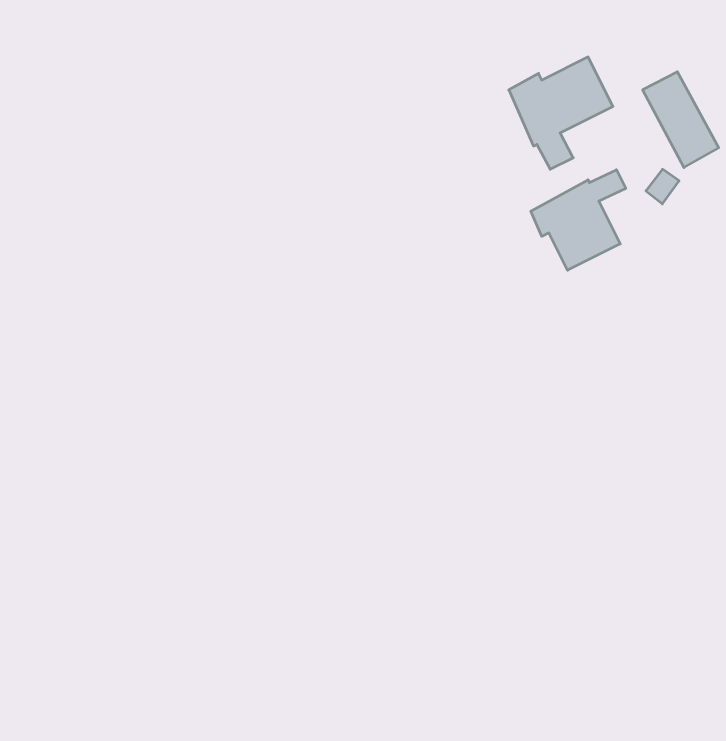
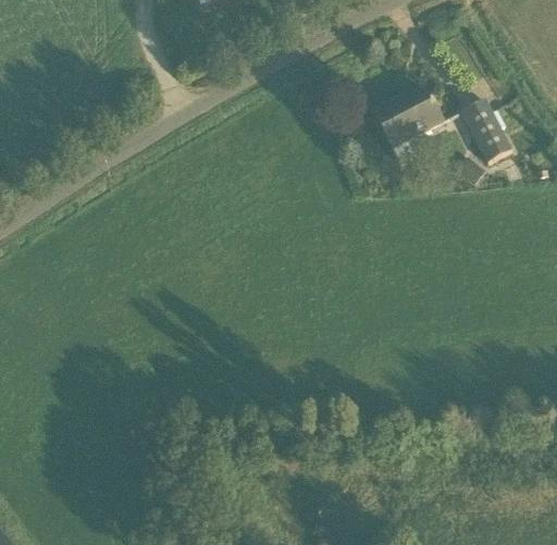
building: [531,170,626,270] -> none

